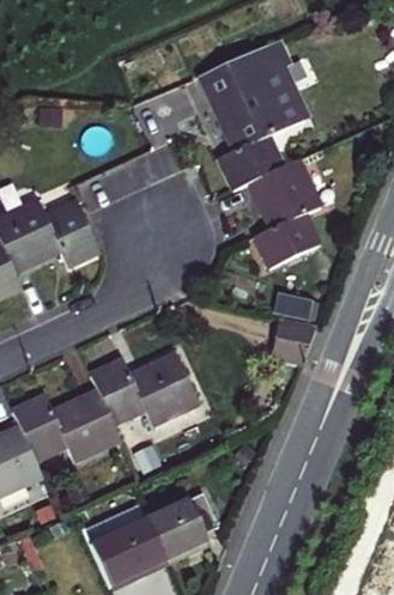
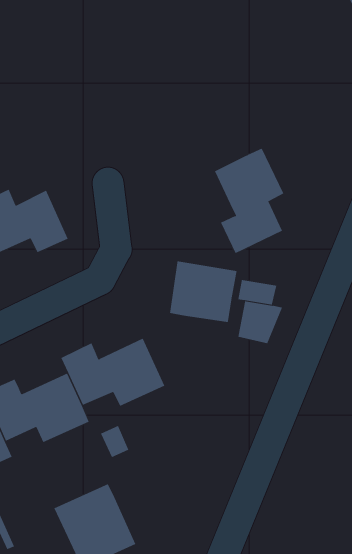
building: [196,40,308,189] -> none
building: none -> [169,260,237,323]
building: [146,492,217,565] -> none

